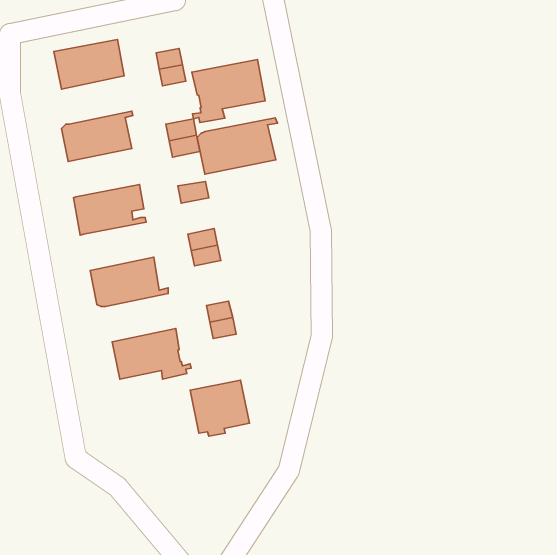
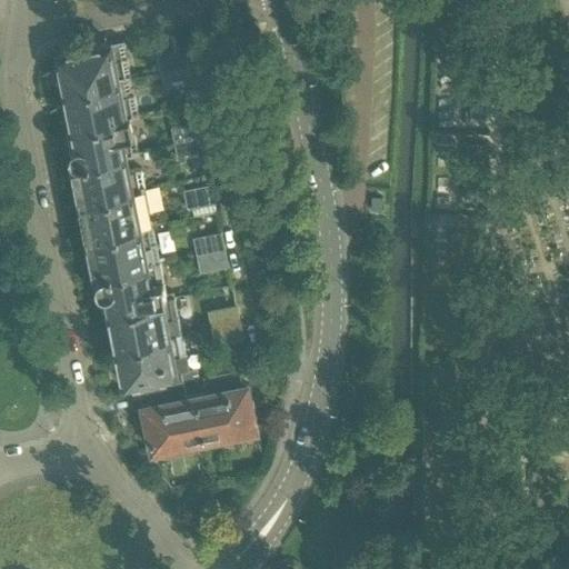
building: [192,60,265,123] -> none
building: none -> [62,83,133,132]
building: [197,118,277,174] -> none
building: none -> [69,157,141,206]
building: none -> [84,231,156,280]
building: none -> [107,303,178,352]
building: none -> [141,387,201,456]

